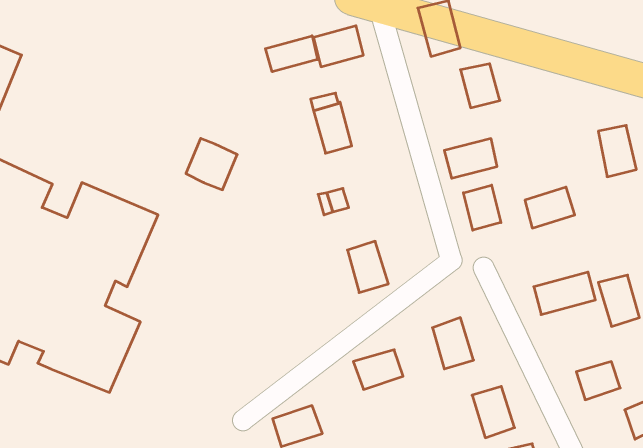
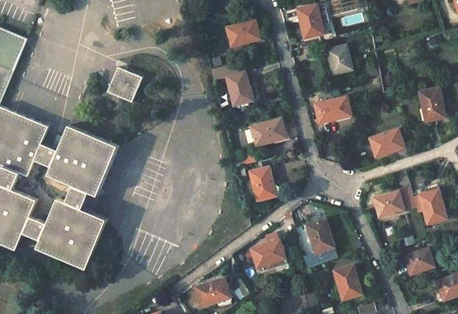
building: [265,36,317,72] -> none
building: [186,138,237,190] -> [107,67,142,102]
building: none -> [249,117,285,146]
building: [463,185,501,230] -> none

